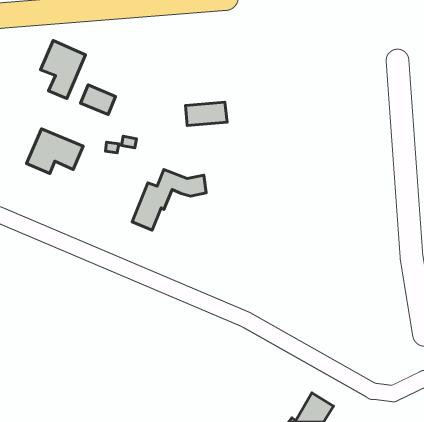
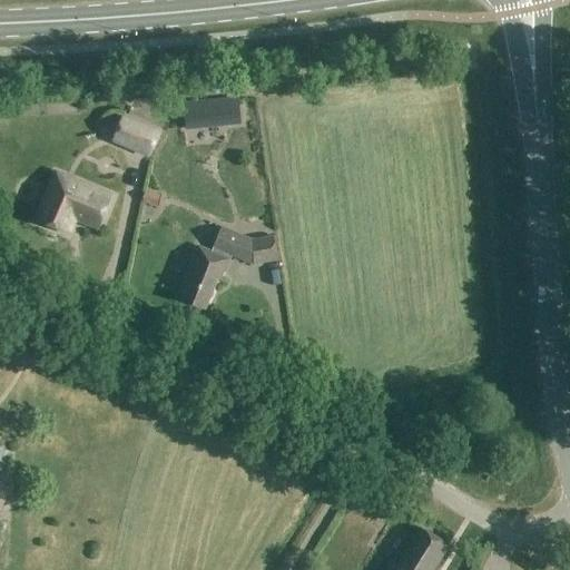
building: [41,41,85,99] -> none
building: [186,102,227,125] -> [183,97,238,128]

